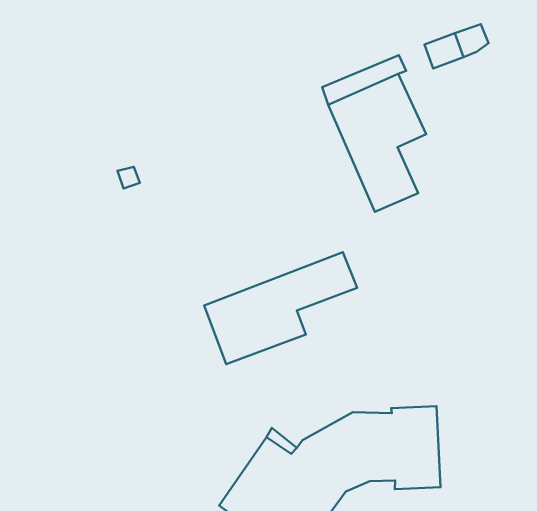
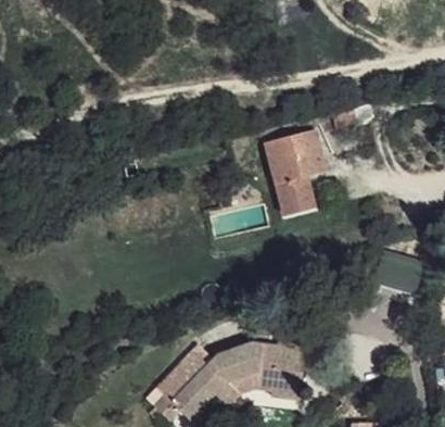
building: [204,252,357,364] -> none

